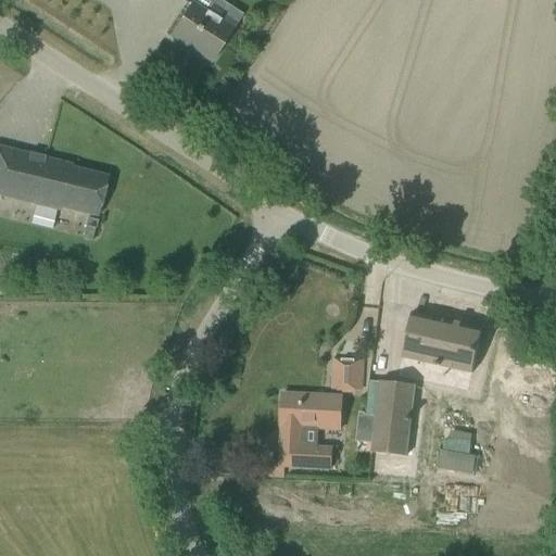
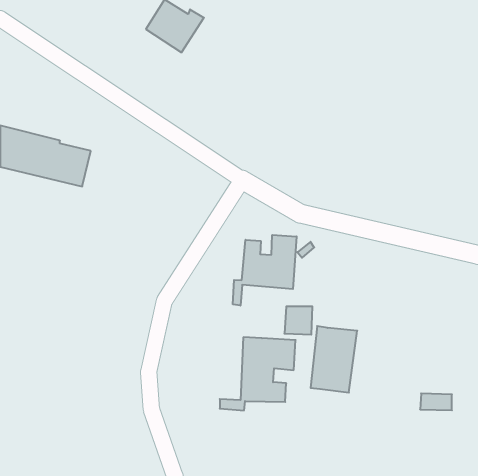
building: none -> [233,235,297,306]
building: [402,311,481,371] -> none
building: [438,450,475,469] -> [420,393,452,410]

